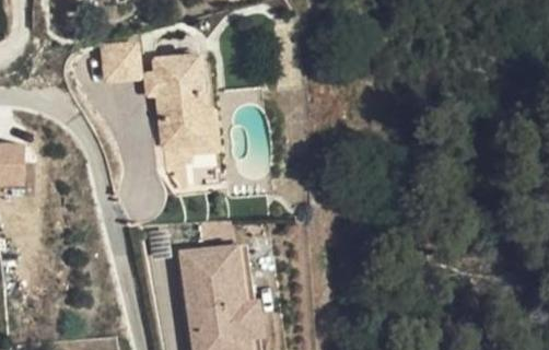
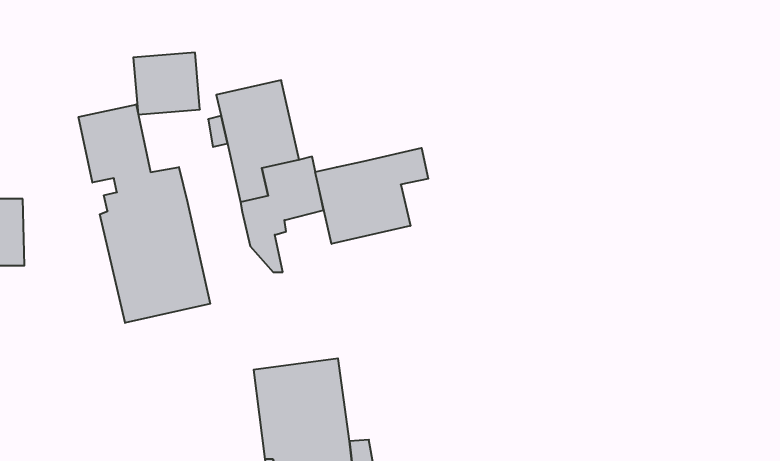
building: none -> [79,104,210,323]
building: none -> [315,148,428,244]

